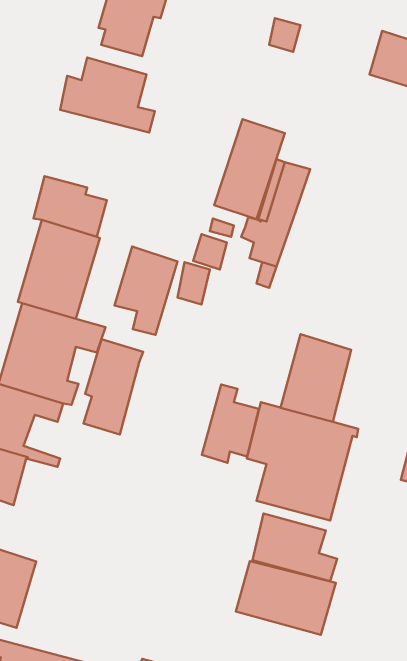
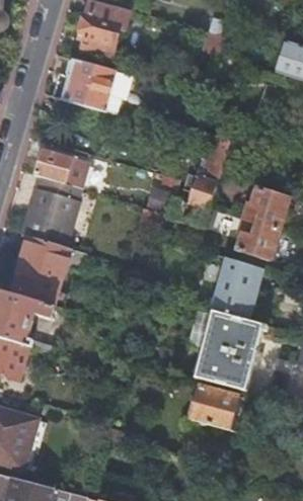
building: [214,119,285,219] -> [237,188,288,260]
building: [115,247,177,335] -> none
building: [83,339,143,434] -> none
building: [202,385,259,463] -> none
building: [236,561,336,635] -> none

